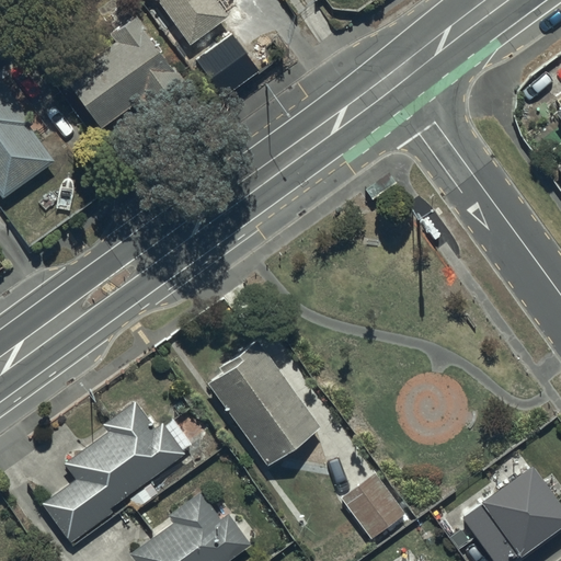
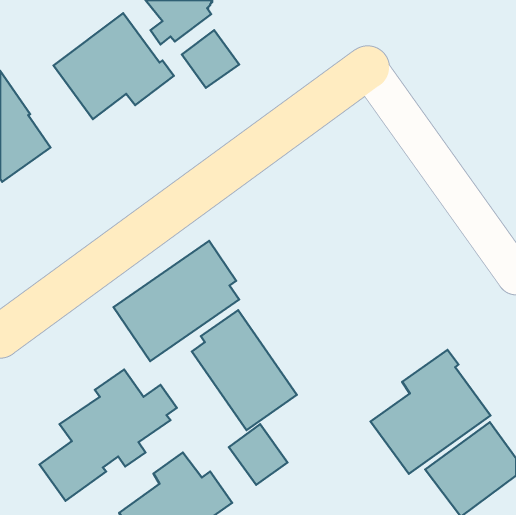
building: none -> [113,241,239,361]
building: none -> [370,350,491,474]
building: [342,472,405,538] -> [229,424,287,485]

